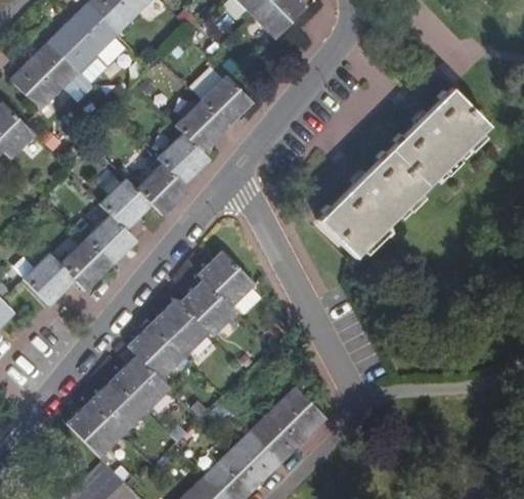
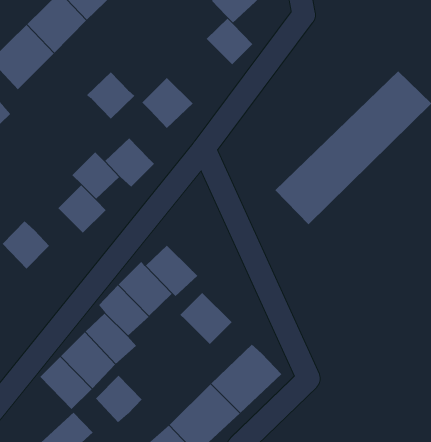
building: [203,75,254,126] -> [206,18,253,65]
building: [157,133,210,185] -> [86,71,135,120]
building: [59,239,112,291] -> none
building: [198,249,255,307] -> [180,292,233,345]
building: none -> [95,375,143,423]

